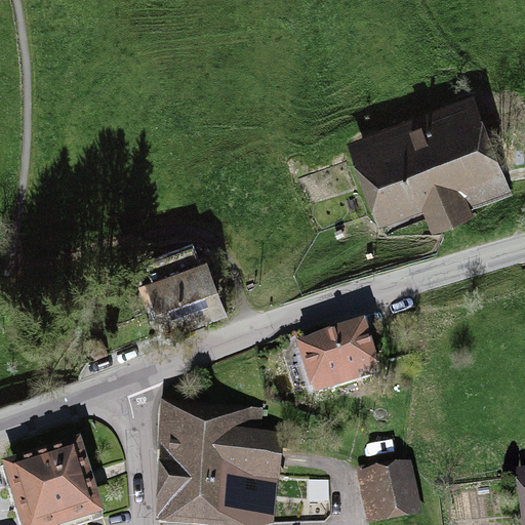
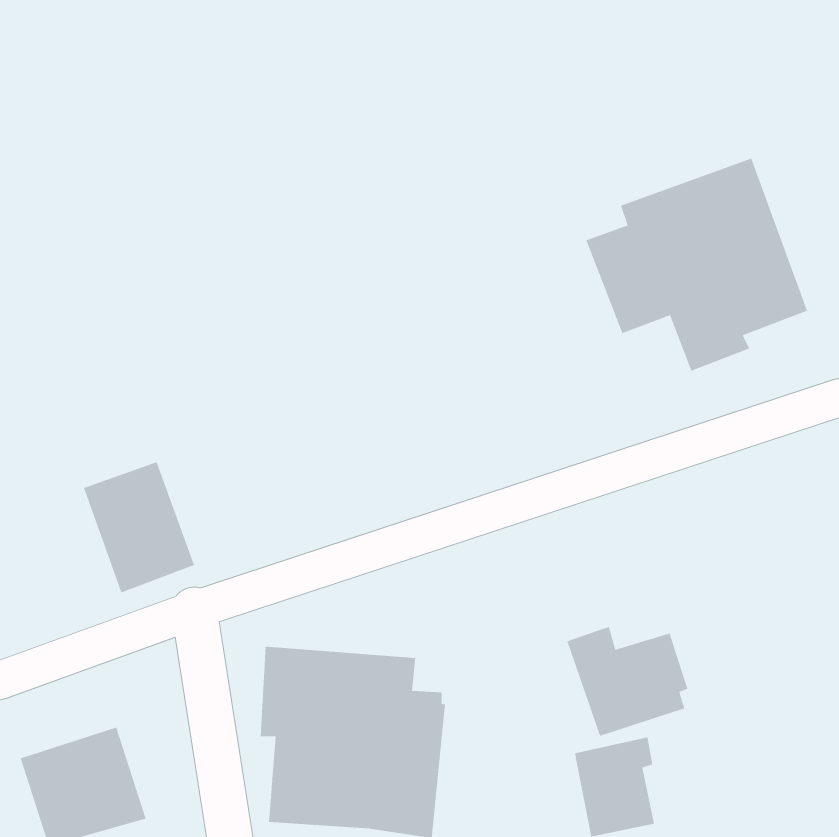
building: [146,244,215,326] -> [83,462,195,593]
building: [296,327,372,396] -> [567,626,688,736]

